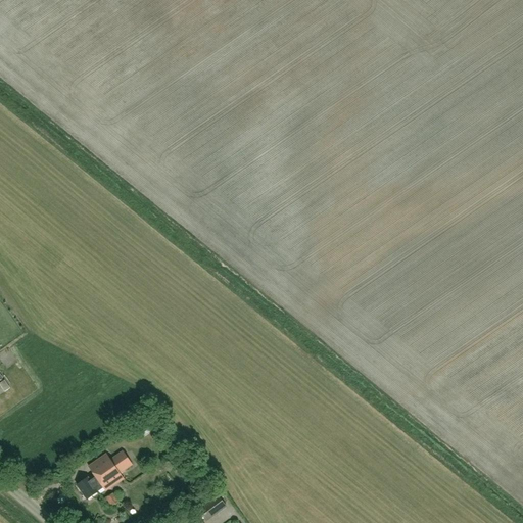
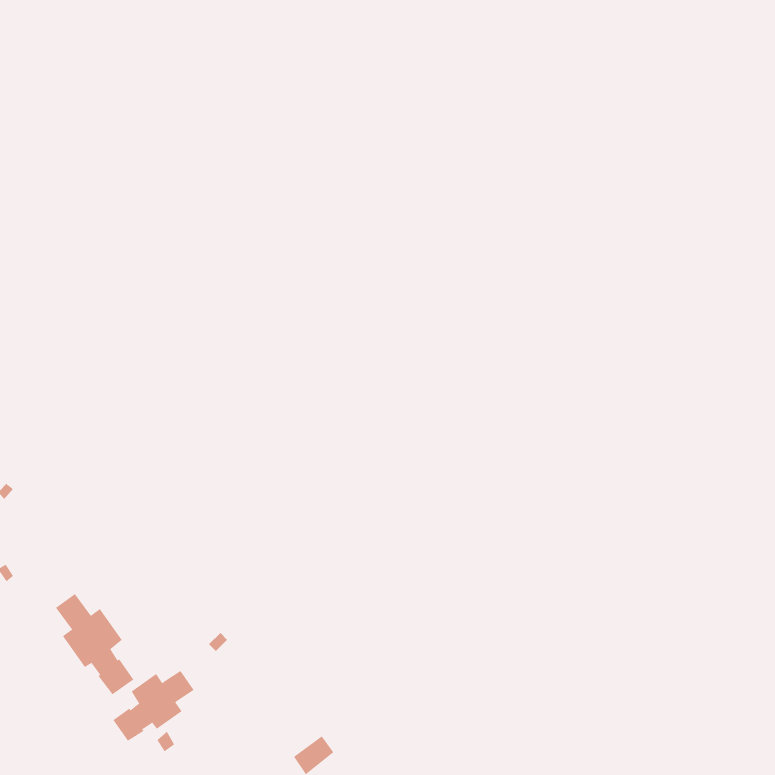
building: none -> [55,593,134,695]

